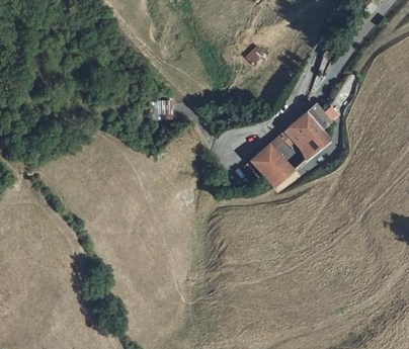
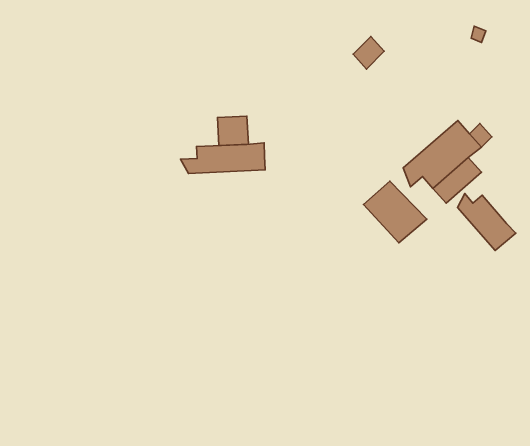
building: none -> [180,143,265,174]
building: none -> [457,194,516,251]

